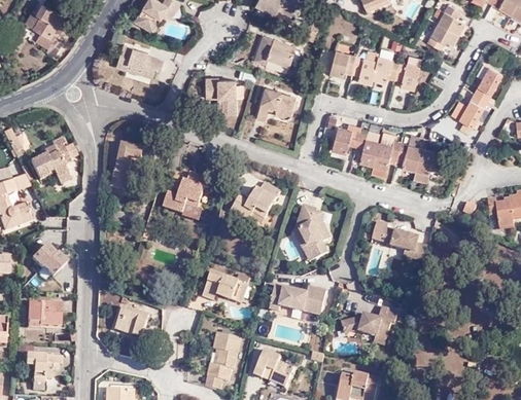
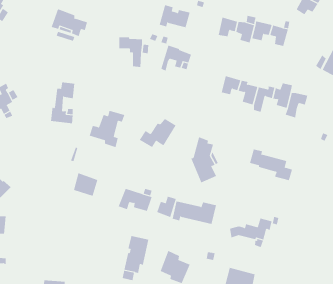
building: none -> [157,196,177,218]
building: [116,303,148,334] -> [73,172,98,197]

